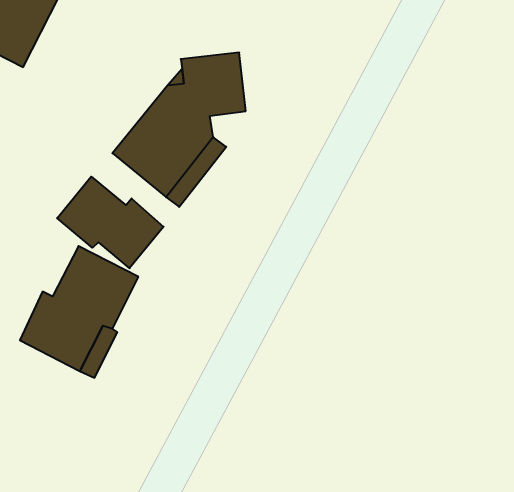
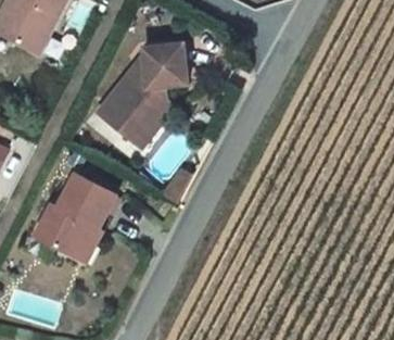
building: [57,177,164,268] -> none

